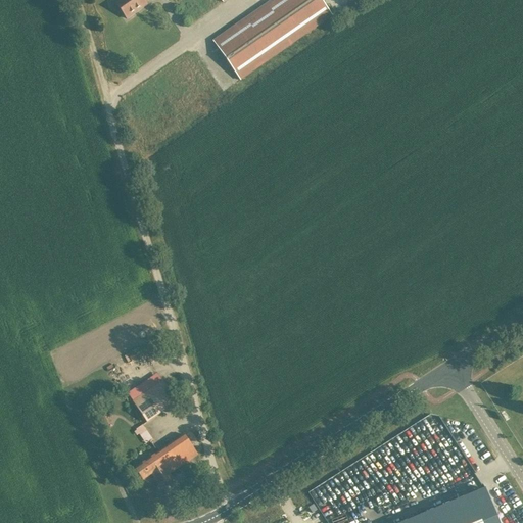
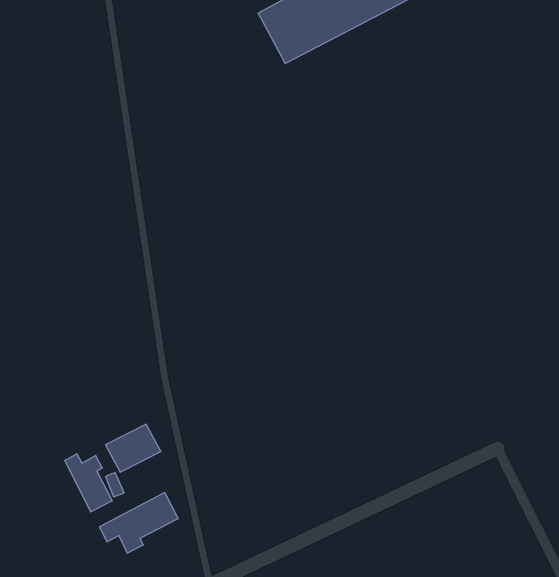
building: none -> [65,454,112,512]

